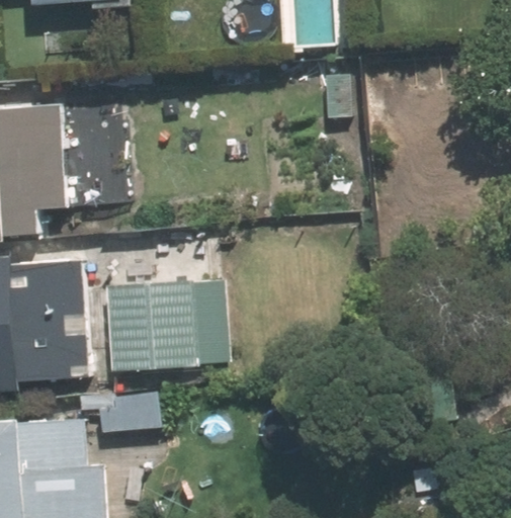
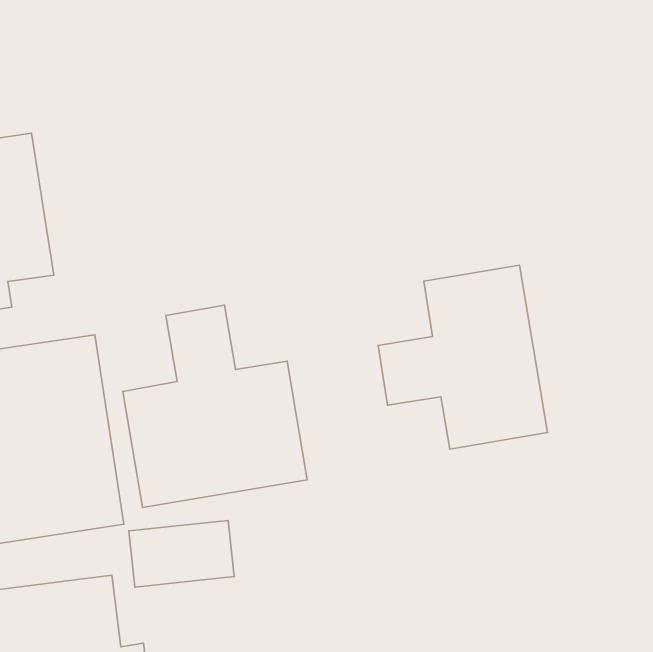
building: none -> [378,265,548,449]

